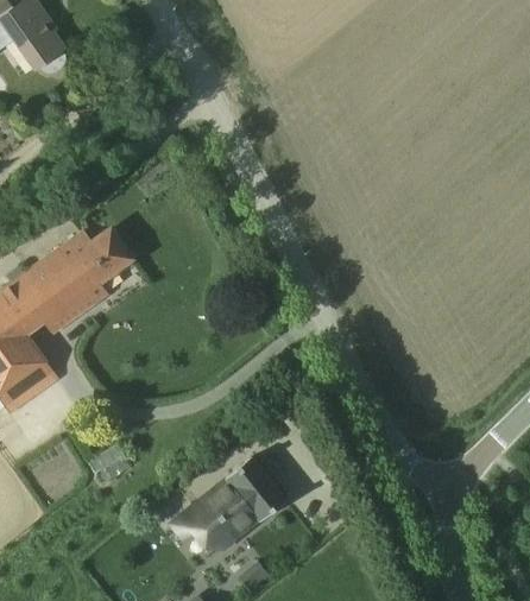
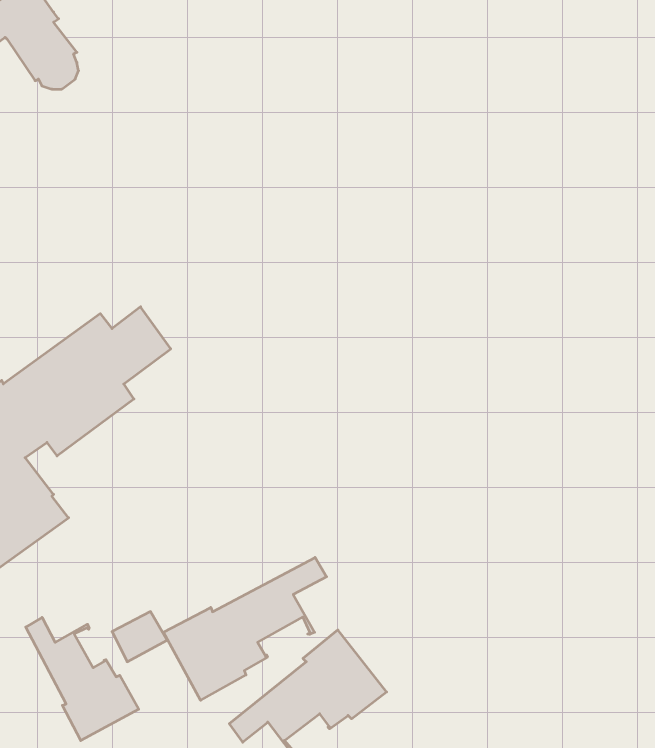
building: none -> [164,557,327,700]
building: none -> [26,617,139,741]

